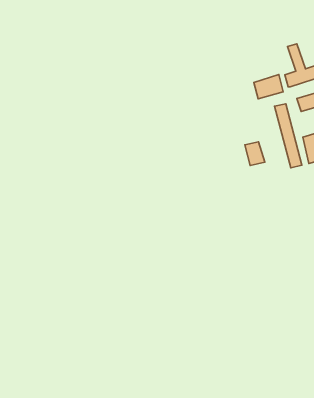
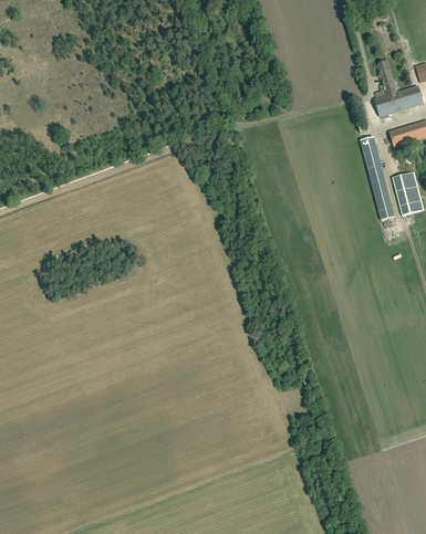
building: [254,75,283,99] -> none
building: [245,142,265,166] -> none

